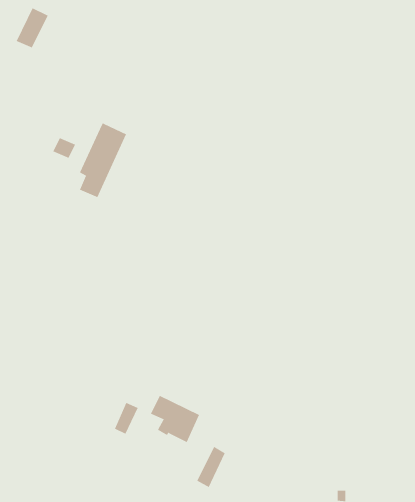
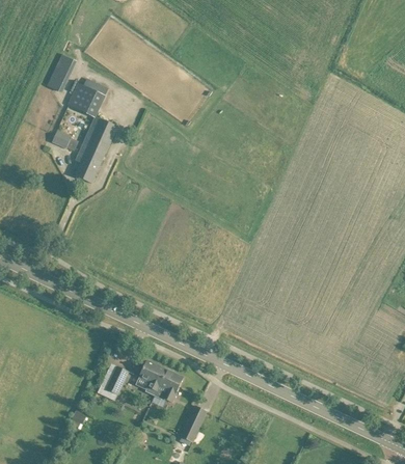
building: [16,7,49,48] -> [47,55,76,91]
building: none -> [68,82,107,117]

